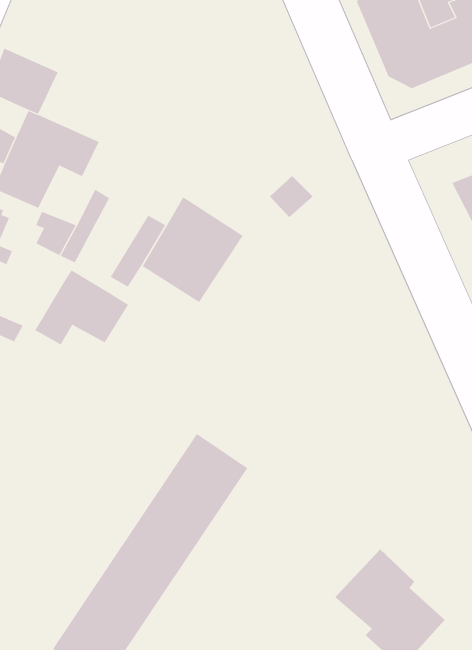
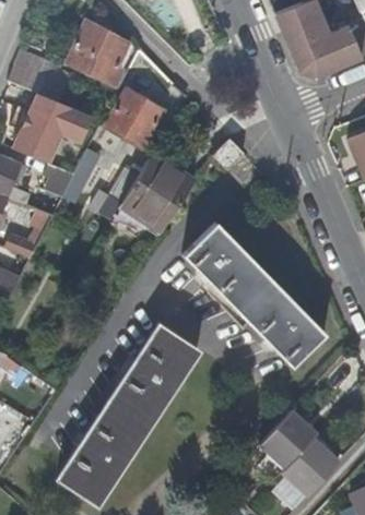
building: none -> [64,23,128,88]
building: none -> [105,91,163,148]
building: [34,269,129,345] -> none
building: none -> [182,224,326,367]

